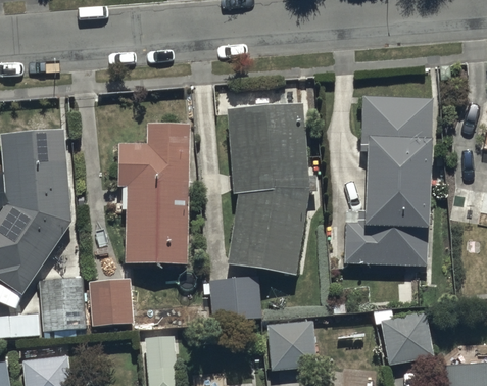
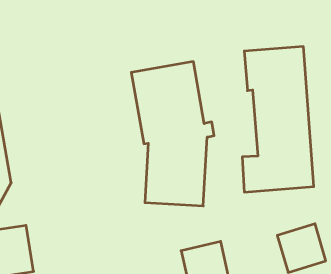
building: [118,124,190,268] -> none
building: [89,277,133,326] -> none
building: [209,278,261,323] -> none

